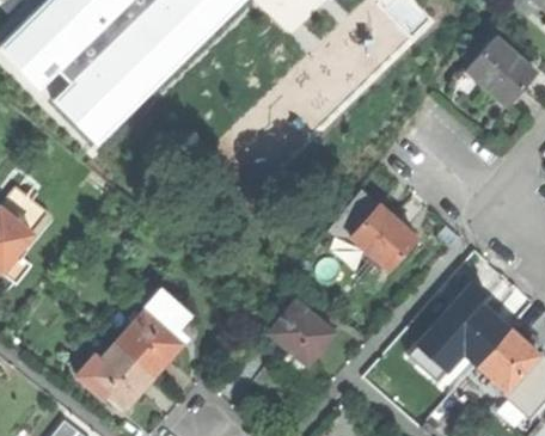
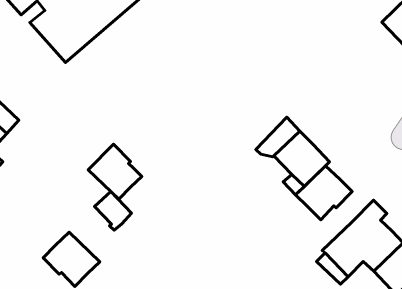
building: none -> [296,166,352,220]
building: [270,299,335,363] -> none
building: [117,309,180,374] -> [88,144,142,199]

